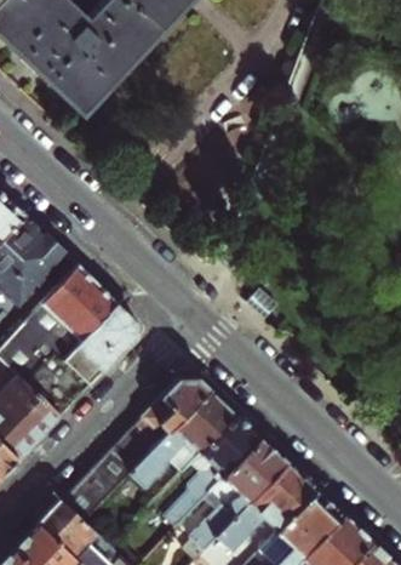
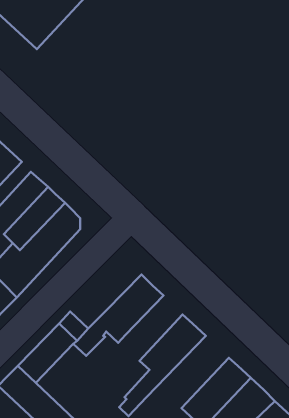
building: [133,377,210,434] -> none
building: [162,415,259,527] -> none
building: [216,463,315,550] -> none

